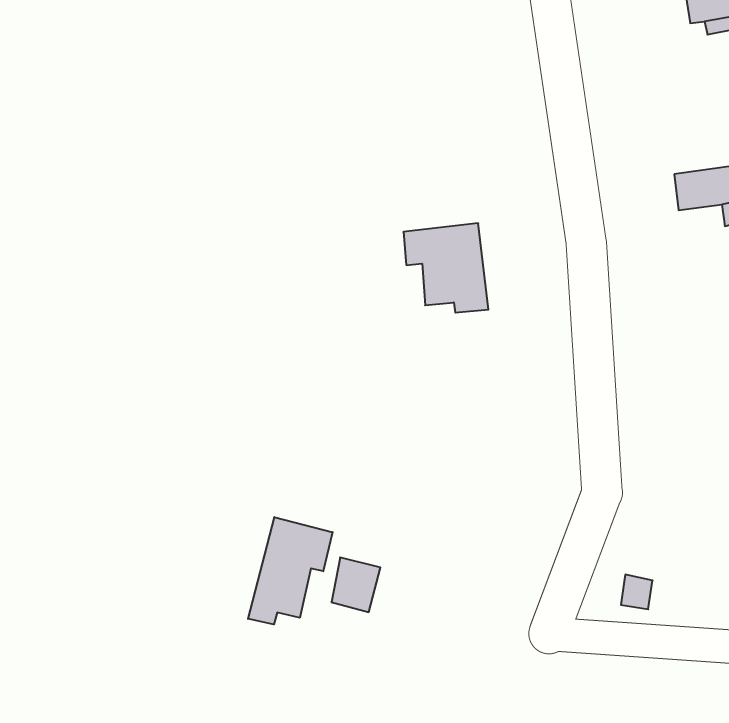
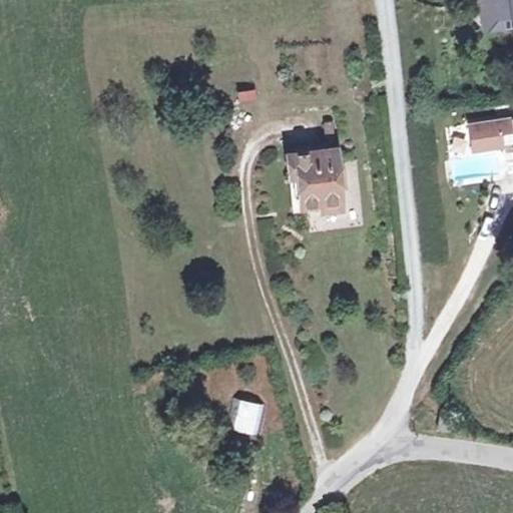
building: [248,517,333,624] -> none

